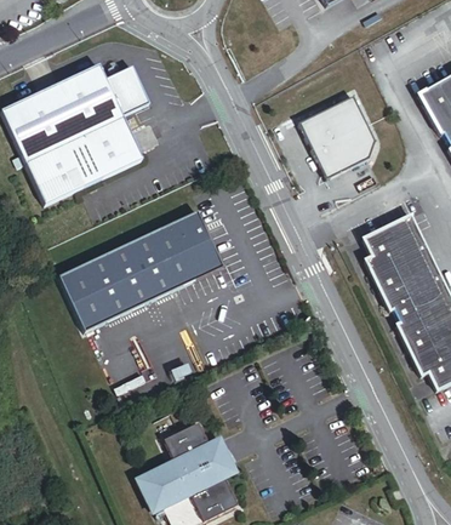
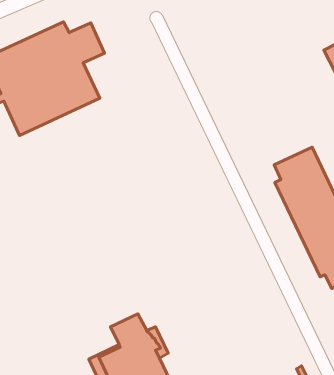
building: [301,97,377,179] -> none
building: [56,211,221,331] -> none

